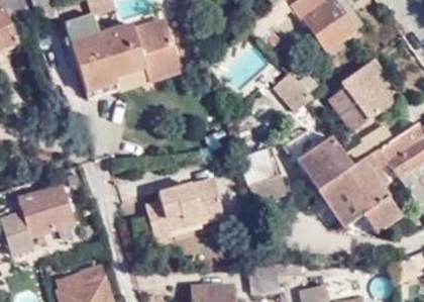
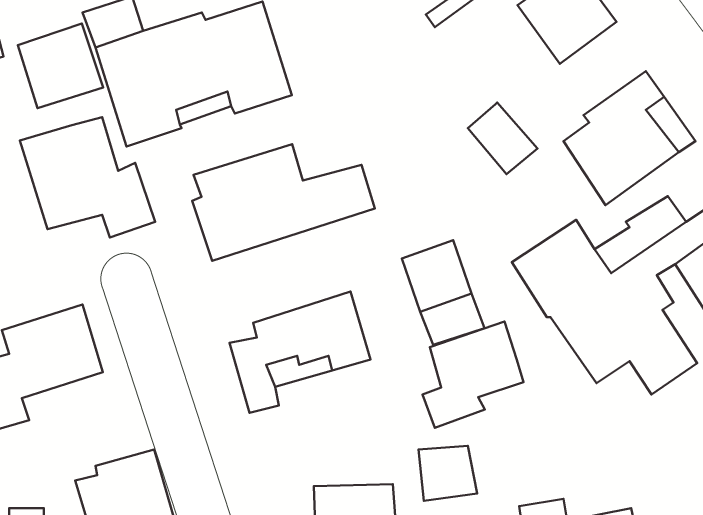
building: none -> [18,23,103,108]
building: none -> [20,117,155,237]
building: none -> [192,144,375,261]
building: none -> [422,321,523,428]

